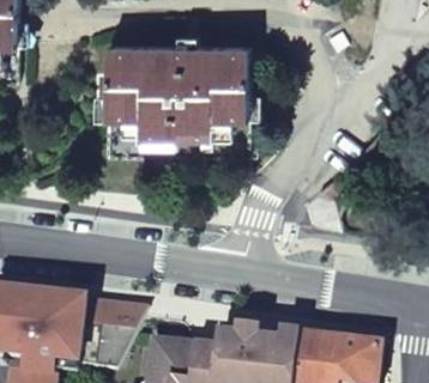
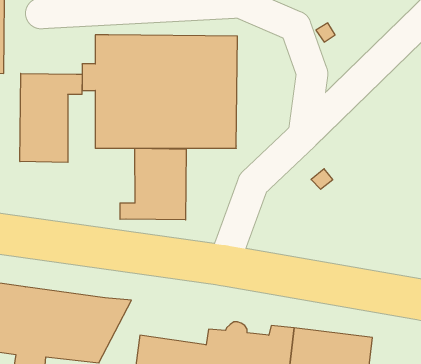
building: none -> [20,73,82,162]
building: none -> [120,148,186,220]

